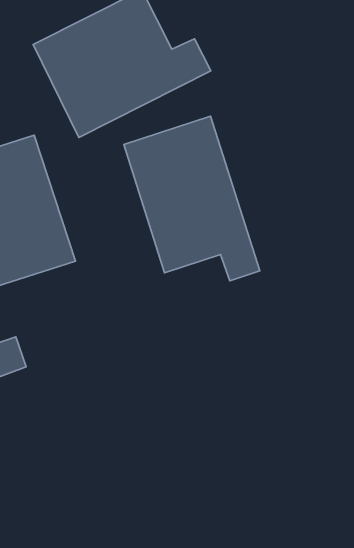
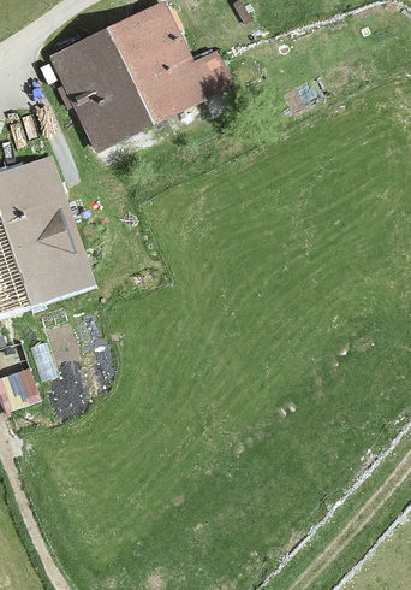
building: [124,116,260,281] -> none

